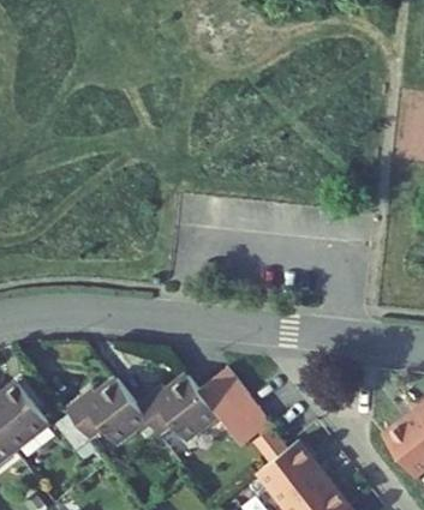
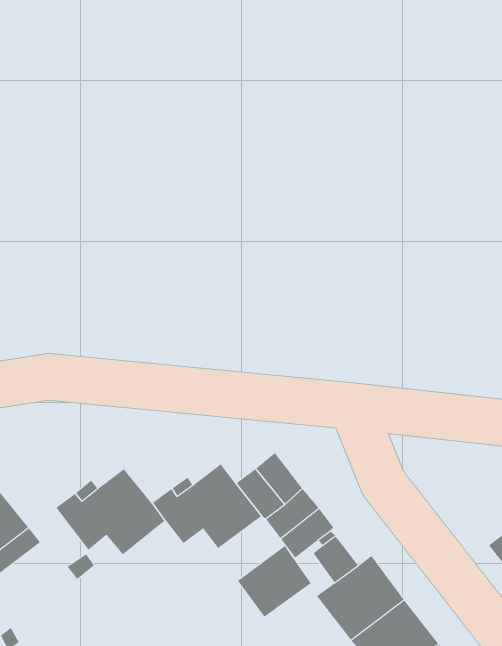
building: none -> [237,545,312,618]

